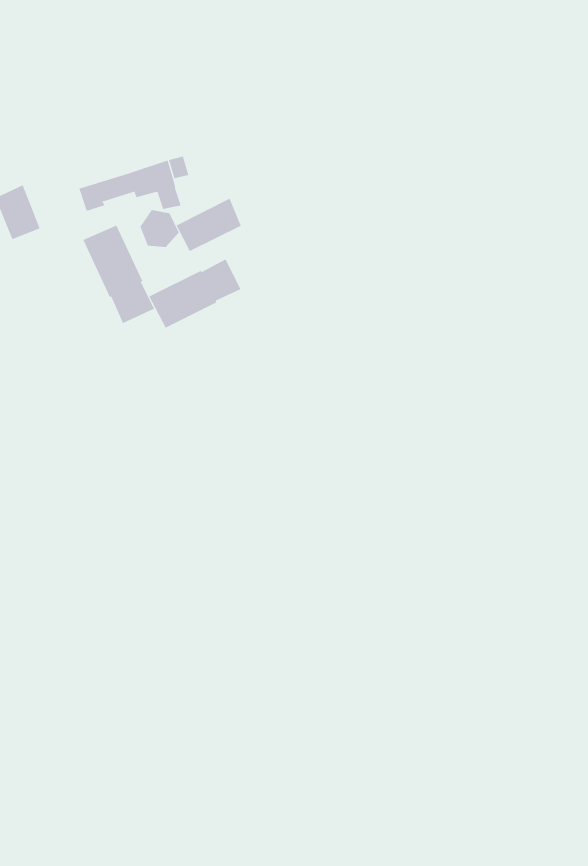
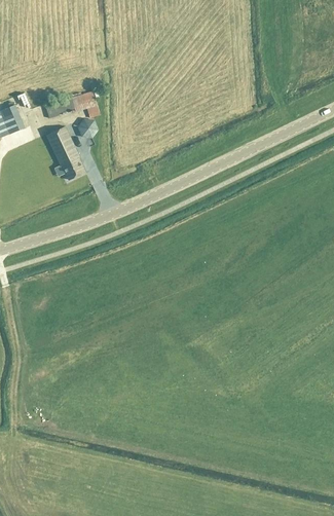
building: [176,198,241,252] -> none
building: [149,259,241,329] -> none

